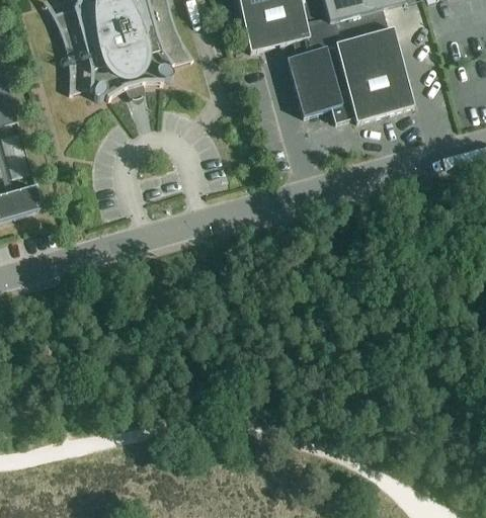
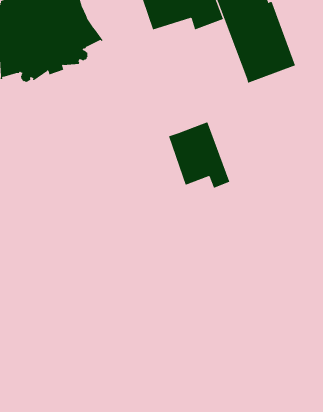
building: [287,44,354,121] -> [168,122,230,188]

